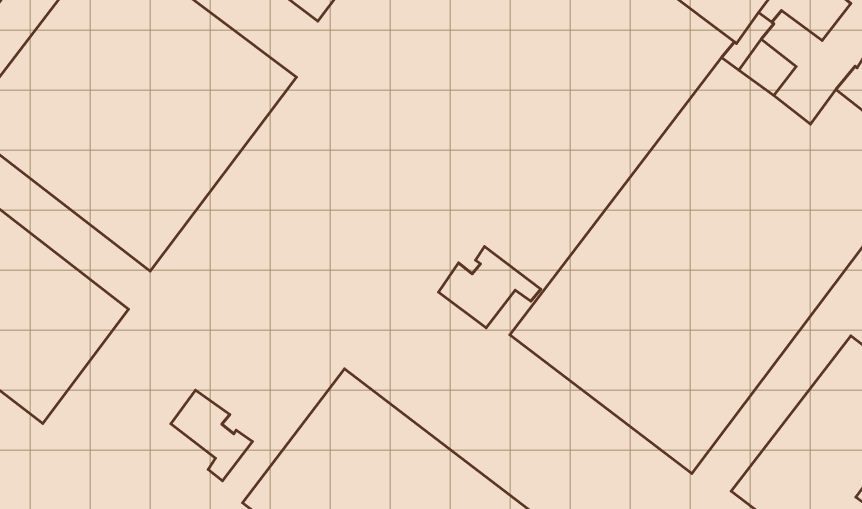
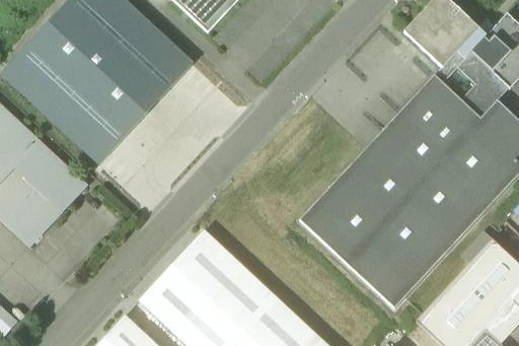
building: none -> [443,67,475,99]
building: [439,246,541,328] -> none
building: [171,390,252,481] -> none

